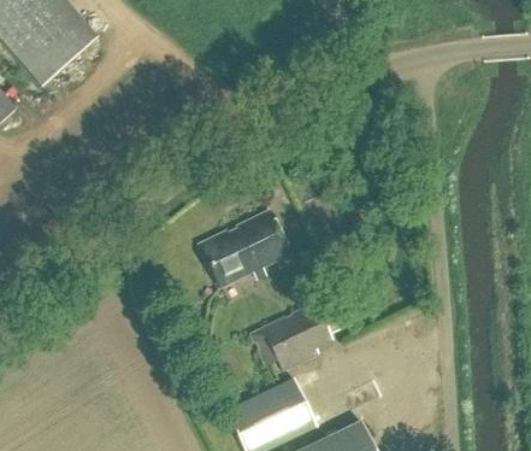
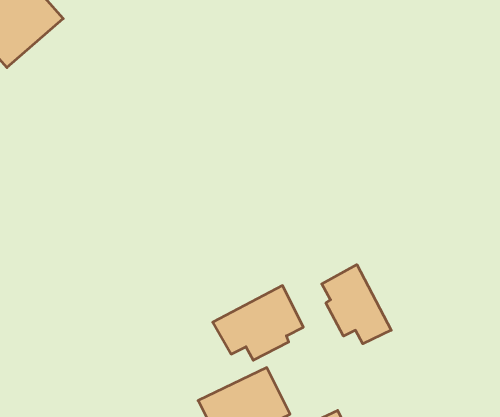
building: [200,209,288,285] -> none
building: none -> [322,265,391,344]

